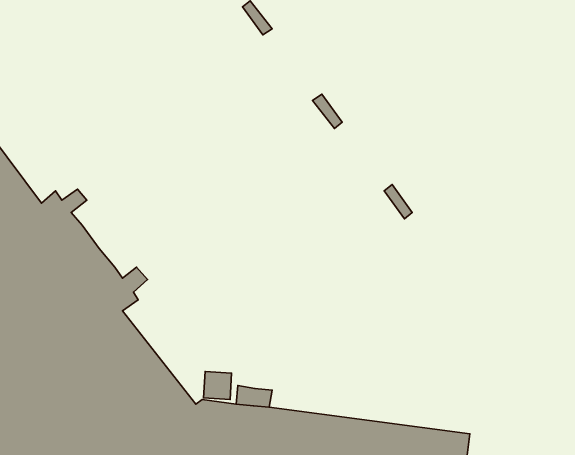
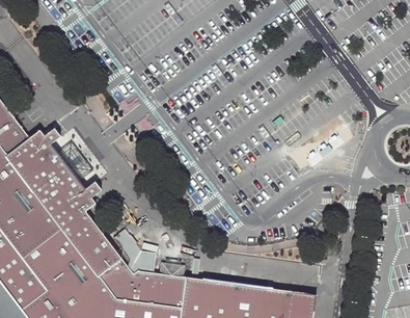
building: none -> [56,142,91,182]

